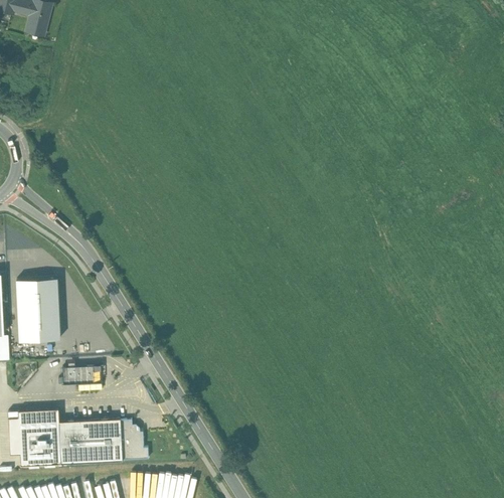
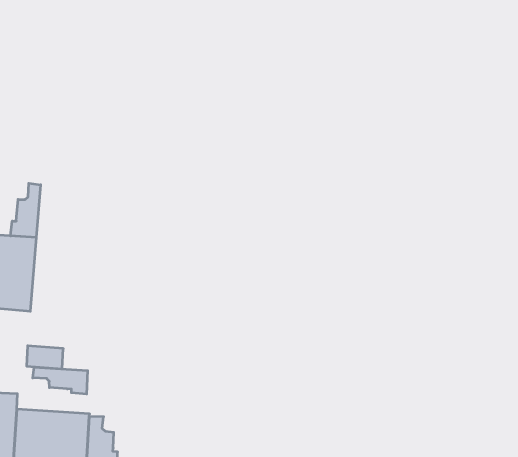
building: none -> [11,183,41,238]
building: none -> [33,367,88,394]

